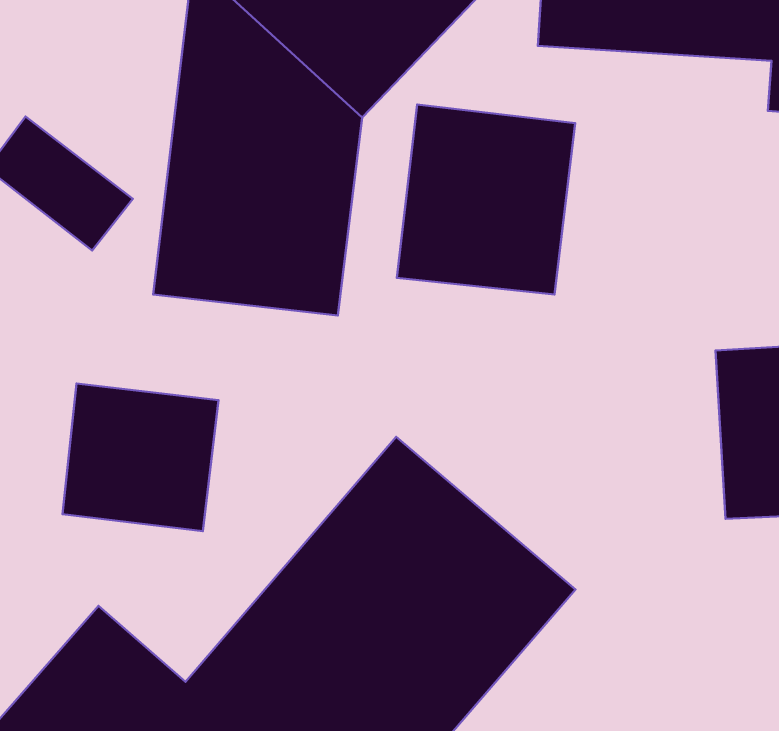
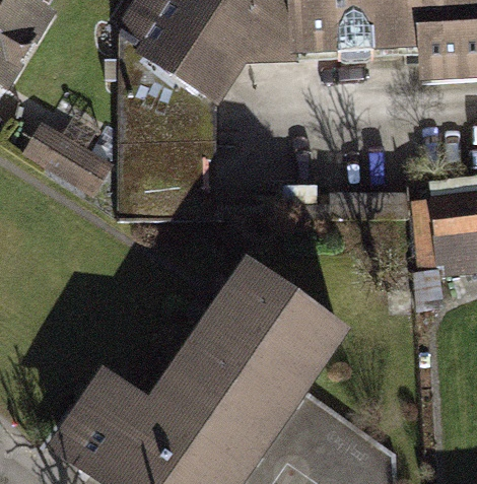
building: [397,104,575,295] -> none
building: [63,383,218,531] -> none

